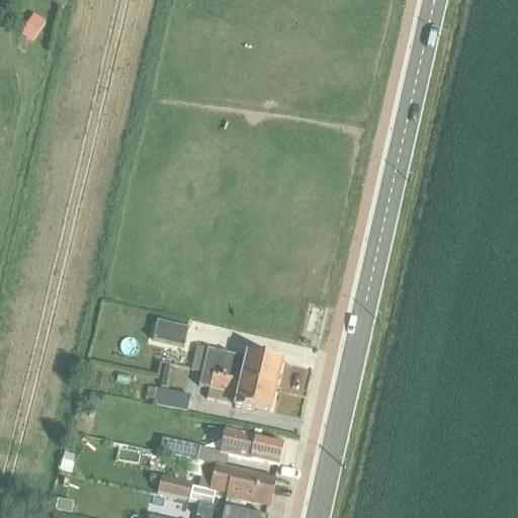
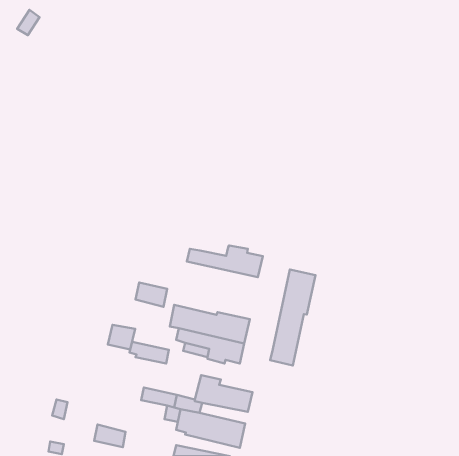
building: none -> [187,245,263,277]
building: none -> [270,269,315,366]
building: none -> [108,325,135,349]
building: [157,472,192,498] -> [94,425,125,447]

